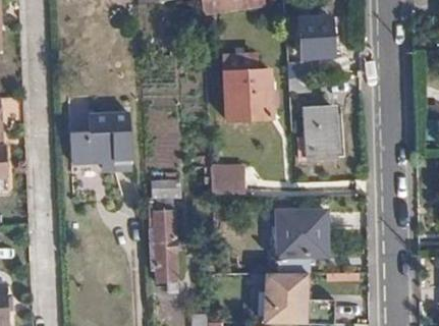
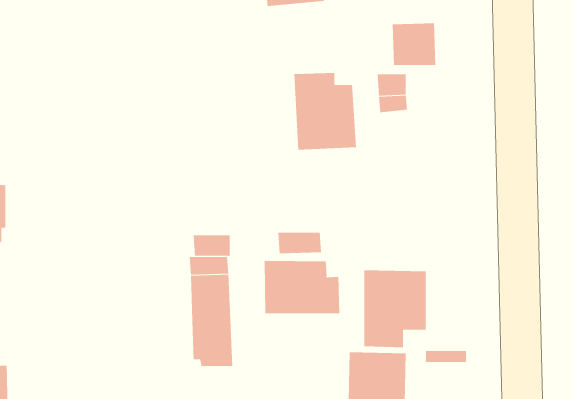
building: [297,105,334,156] -> none
building: [66,122,128,176] -> none
building: none -> [264,260,340,314]

